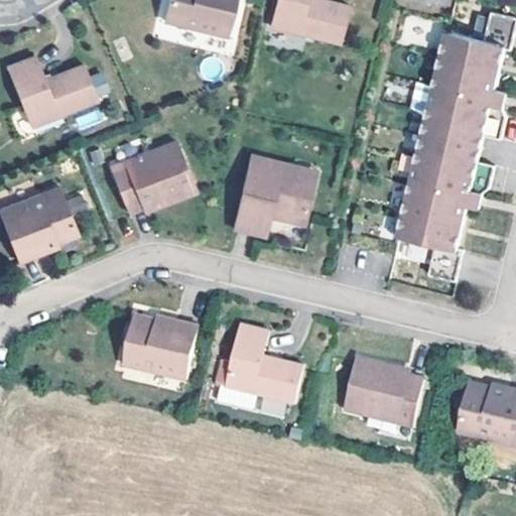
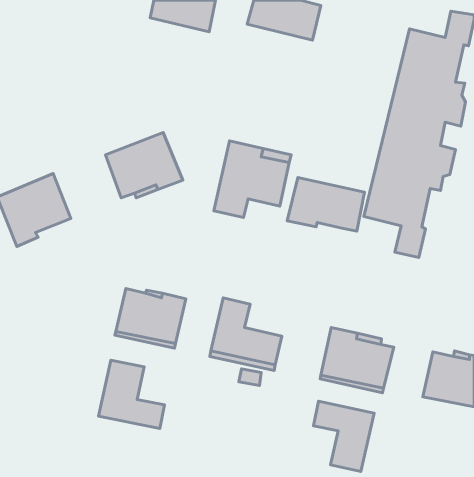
building: [4,62,104,132] -> none
building: none -> [287,177,365,231]
building: none -> [99,360,164,429]
building: none -> [314,401,374,471]

